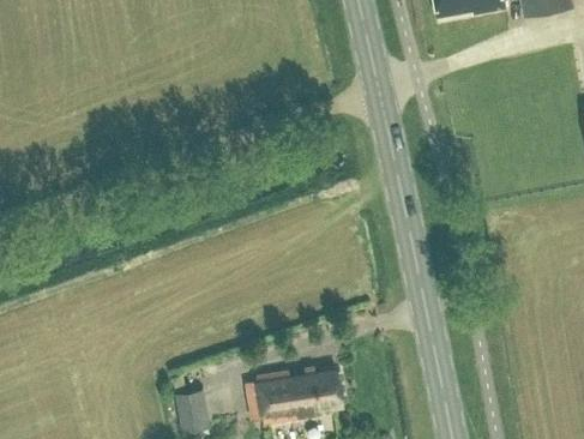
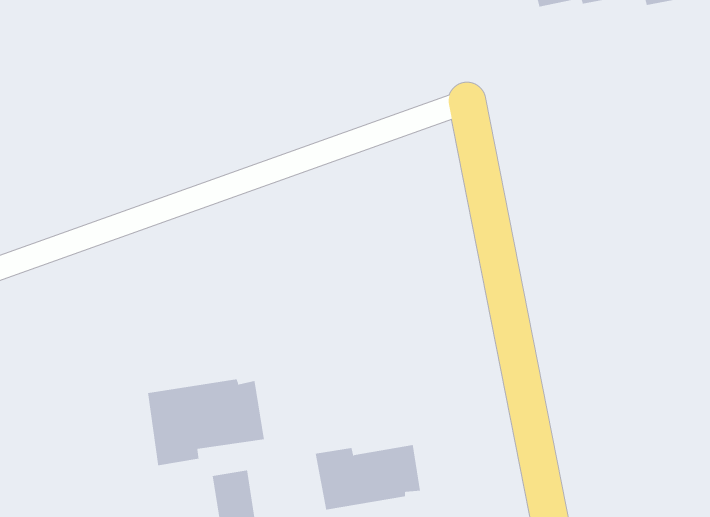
building: none -> [147,378,264,466]

